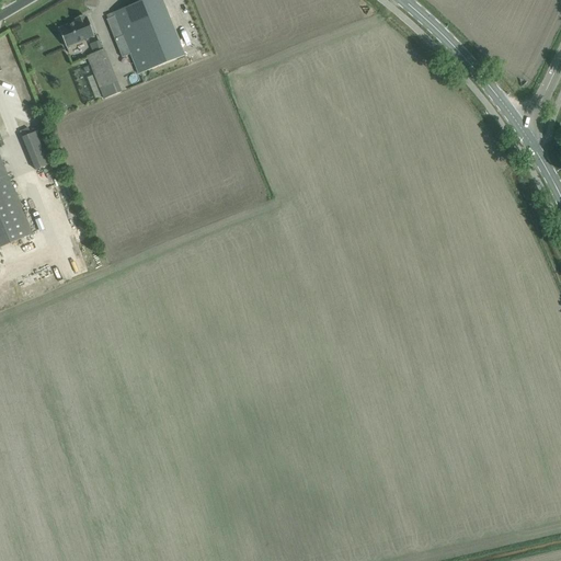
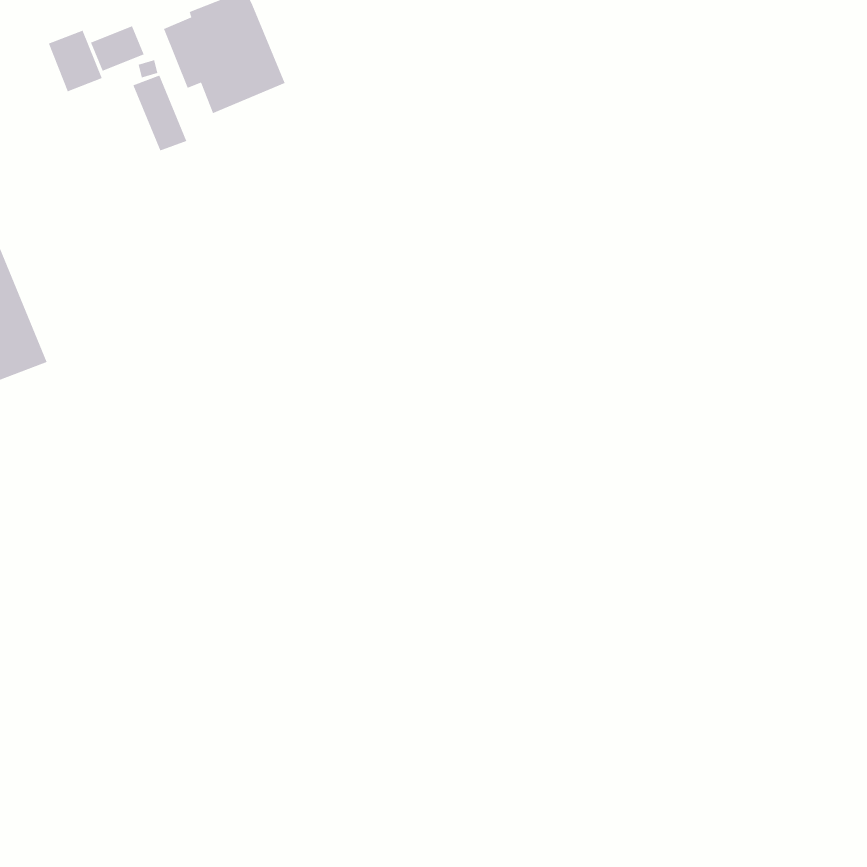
building: none -> [48,30,102,92]
building: [19,128,49,169] -> none

